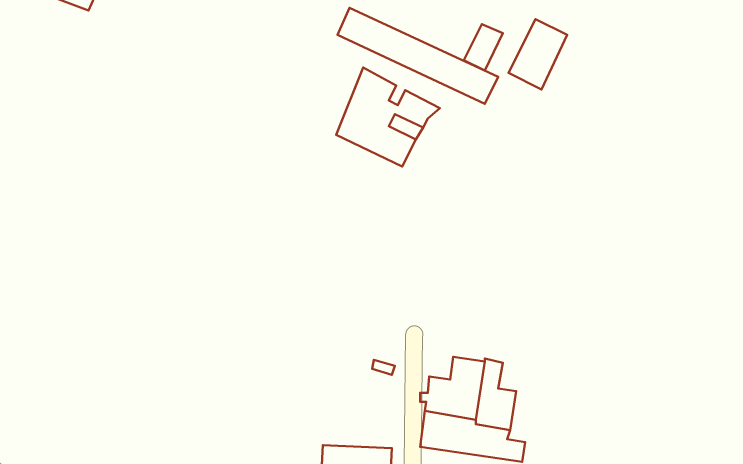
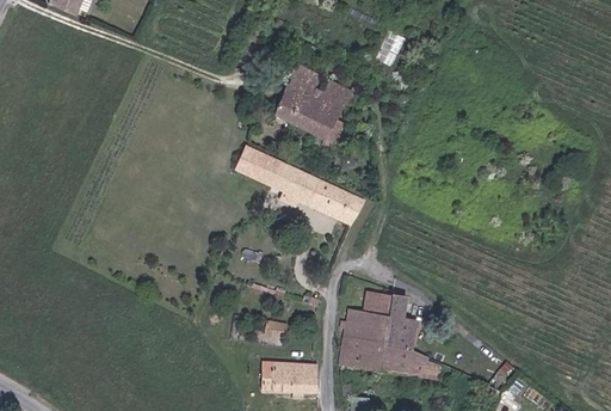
building: [338,8,498,104] -> [236,146,364,222]
building: [508,19,567,89] -> none

